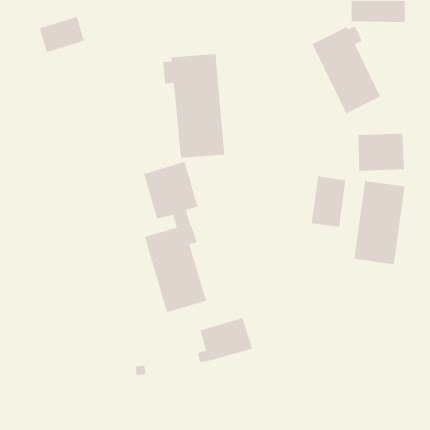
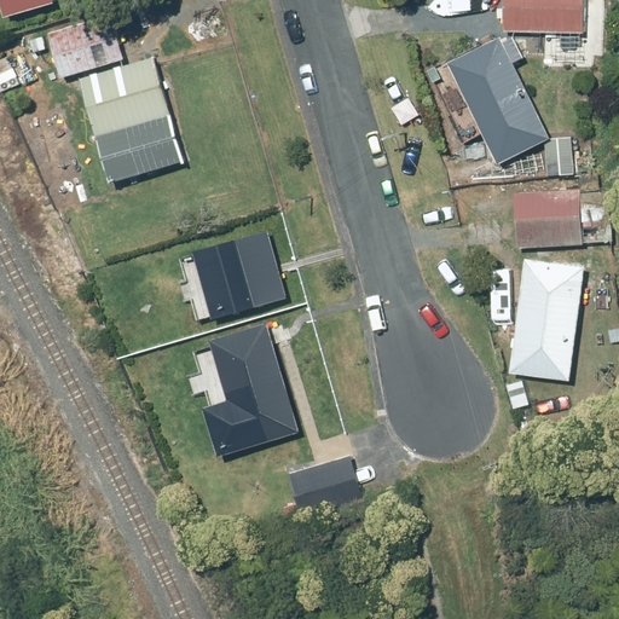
building: none -> [80,58,181,183]
building: [162,53,225,159] -> none
building: [311,175,346,227] -> none

